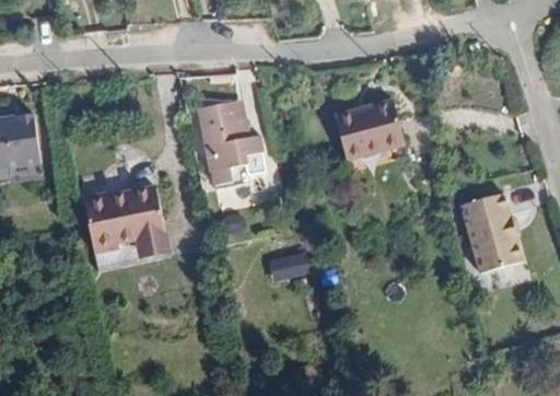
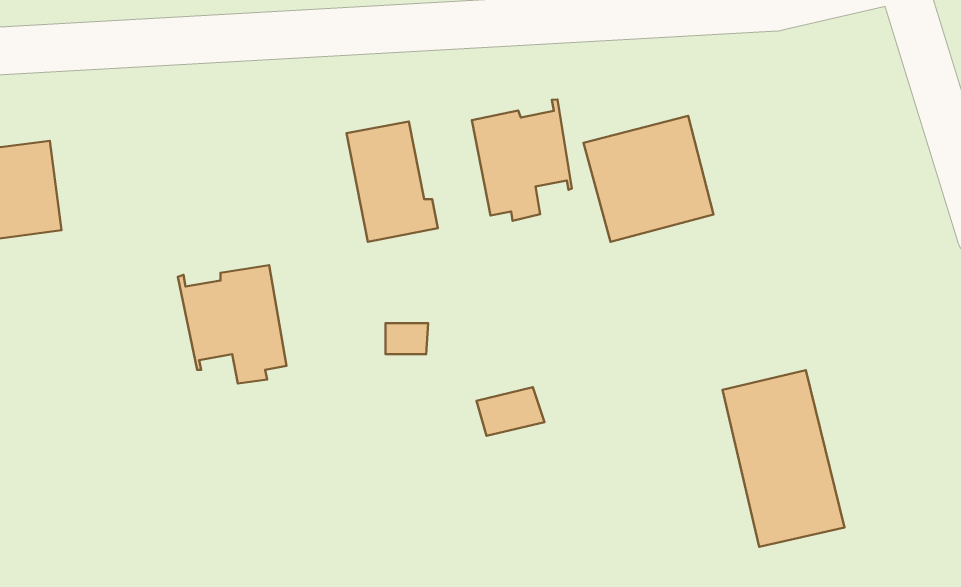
building: none -> [472,100,572,221]
building: [82,194,116,249] -> none
building: [463,194,532,293] -> [722,370,845,547]

